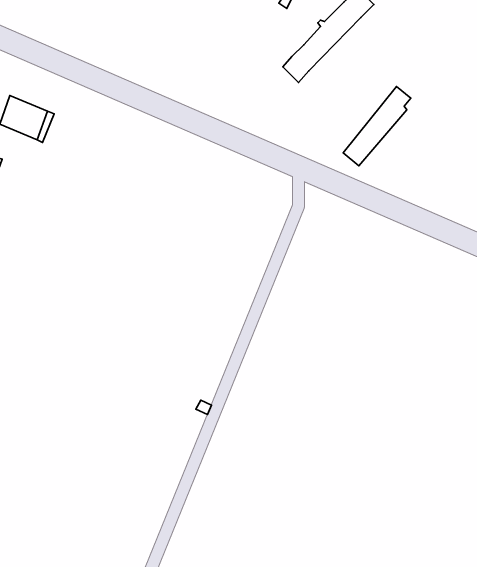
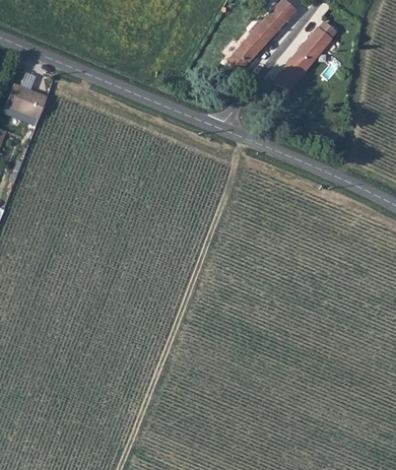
building: [343,87,411,166] -> [280,22,333,84]

